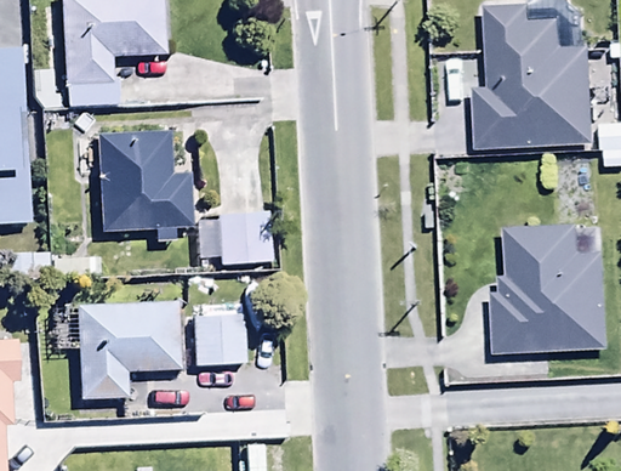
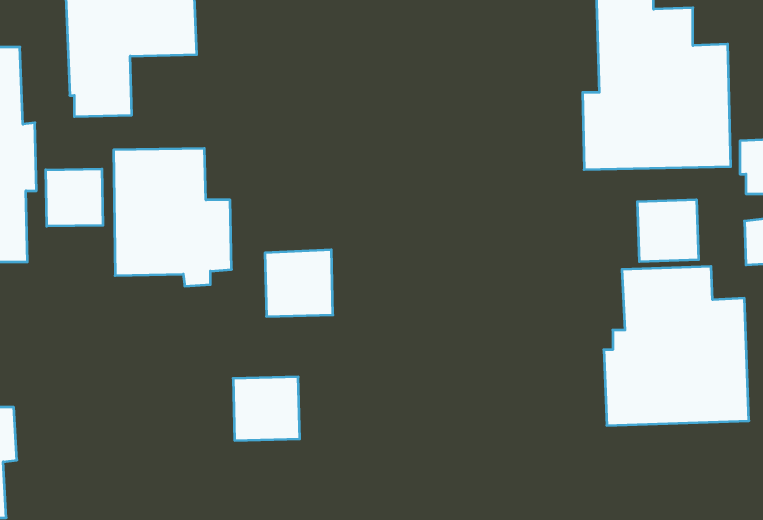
building: none -> [46,169,103,226]
building: none -> [637,200,699,262]
building: [76,301,180,397] -> none

